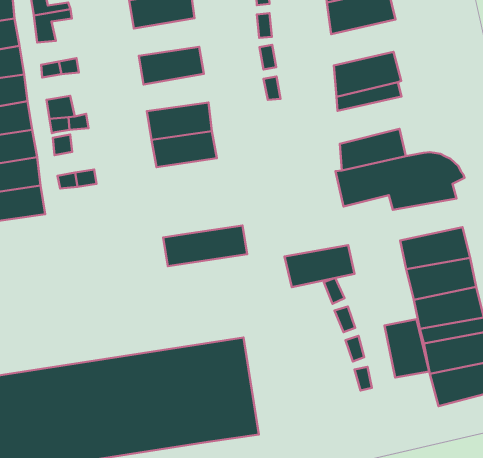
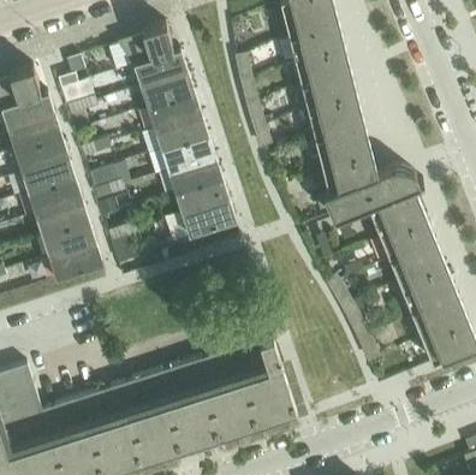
building: none -> [149,99,202,135]
building: none -> [303,76,357,118]
building: none -> [163,141,216,177]
building: none -> [317,135,371,178]
building: [163,226,247,266] -> [169,204,237,245]
building: [284,245,354,287] -> [373,206,429,245]
building: [385,319,429,377] -> none

